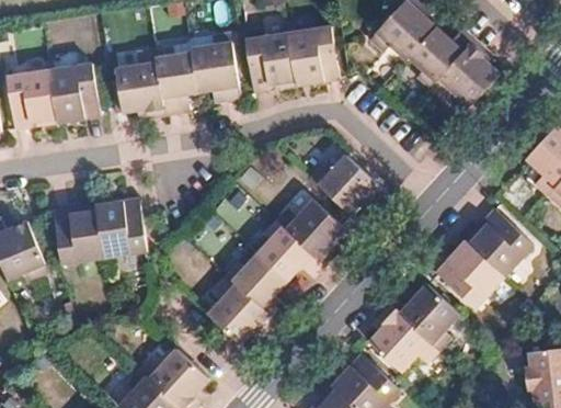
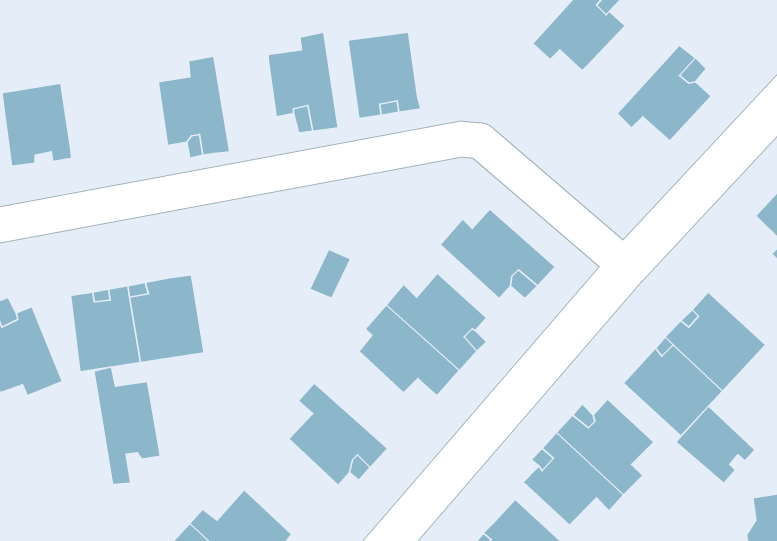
building: [288,26,337,83] -> none
building: [410,27,474,88] -> none
building: [154,46,197,114] -> none
building: [49,61,99,116] -> none
building: [224,251,285,318] -> none
building: none -> [94,367,161,485]
building: none -> [676,406,755,483]

